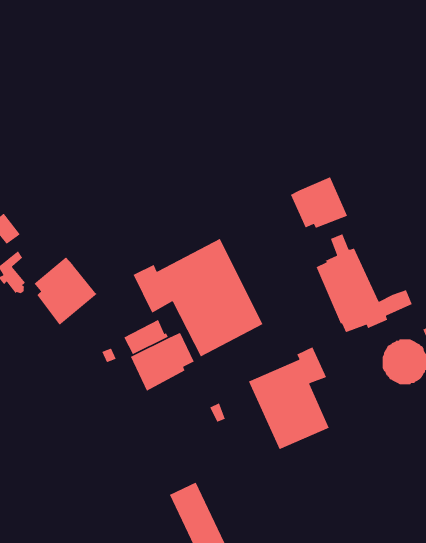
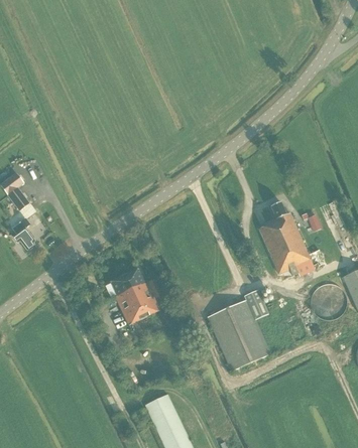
building: [290,176,348,229] -> none
building: [133,238,264,357] -> none
building: [34,257,97,326] -> none

